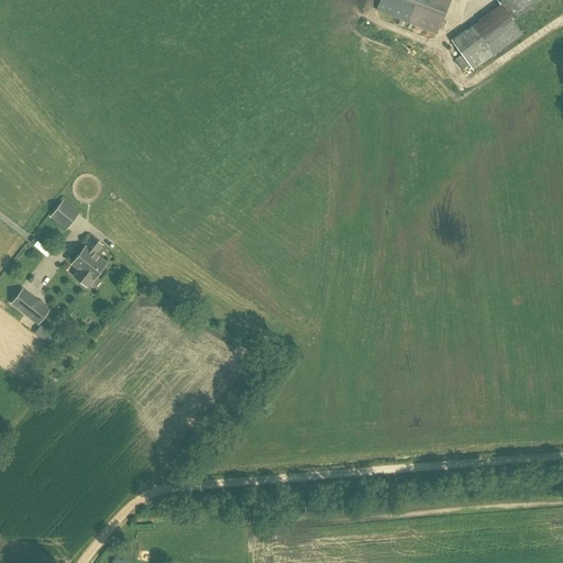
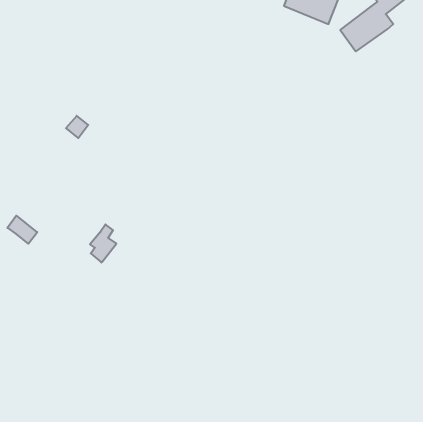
building: [49,199,79,229] -> [66,116,88,138]
building: [71,235,107,286] -> [90,224,116,263]

